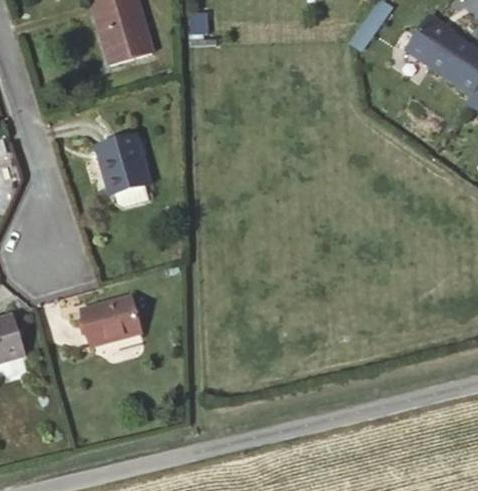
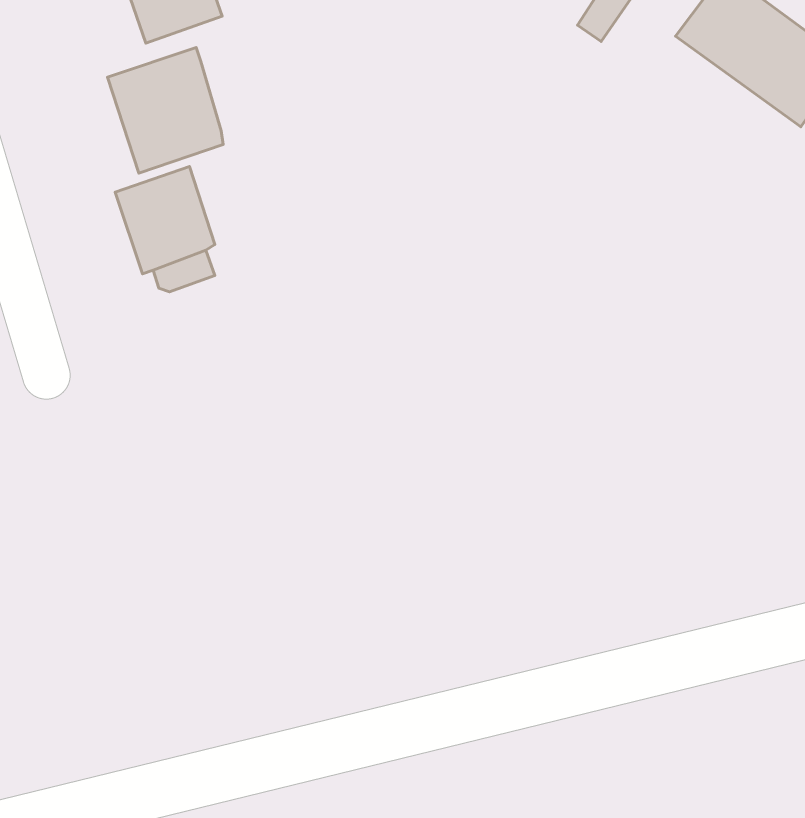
building: none -> [108,48,223,173]
building: [82,293,139,342] -> none

